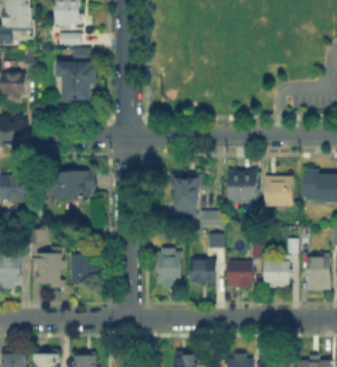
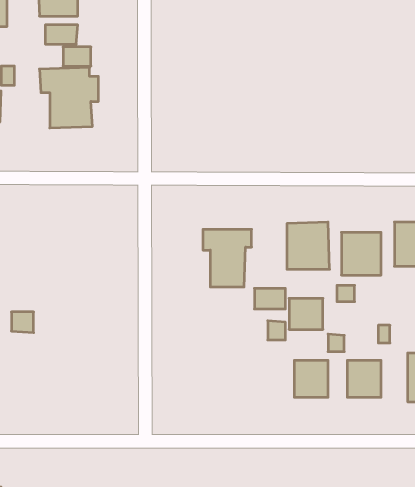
building: [43,172,96,198] -> none
building: [39,248,64,286] -> none
building: [158,249,181,287] -> none
building: [72,257,98,283] -> none
building: [192,262,215,283] -> [289,298,323,329]

